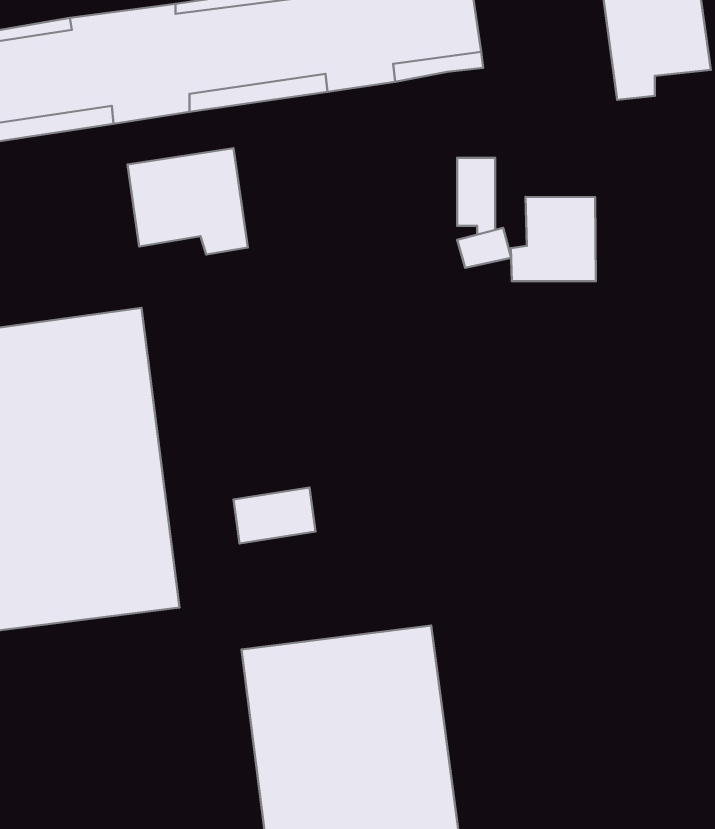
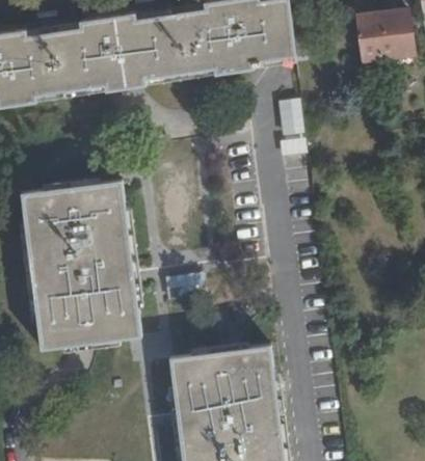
building: [128,148,248,255] -> none
building: [511,197,596,281] -> none

